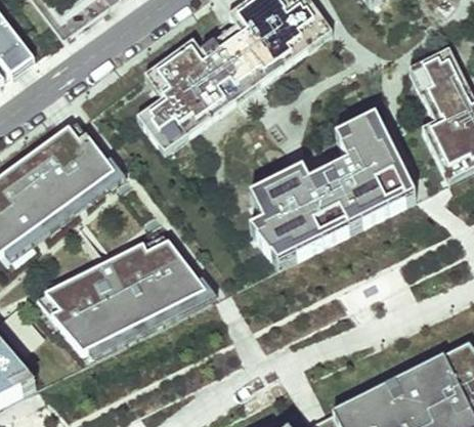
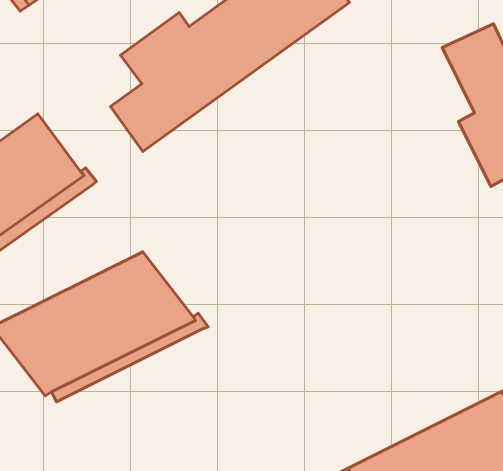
building: [250,115,416,263] -> none

